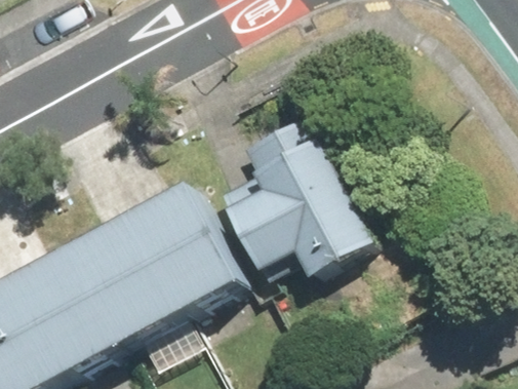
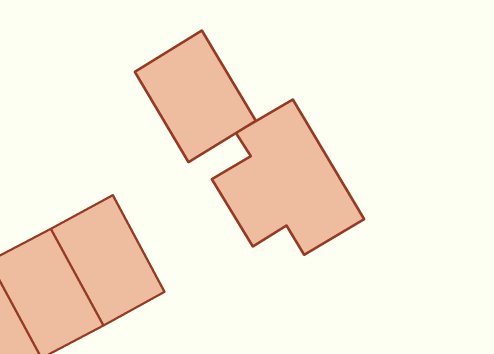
building: none -> [135,31,256,162]
building: [122,185,233,311] -> none

